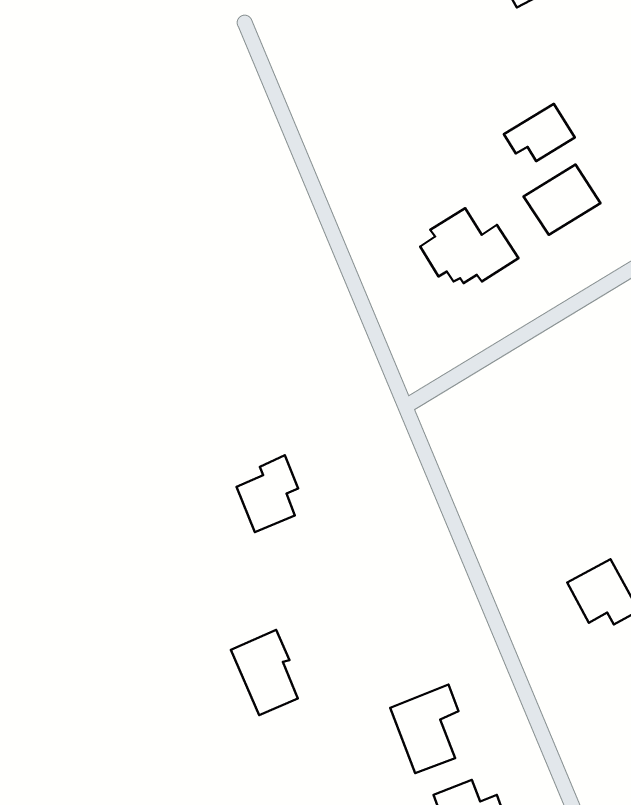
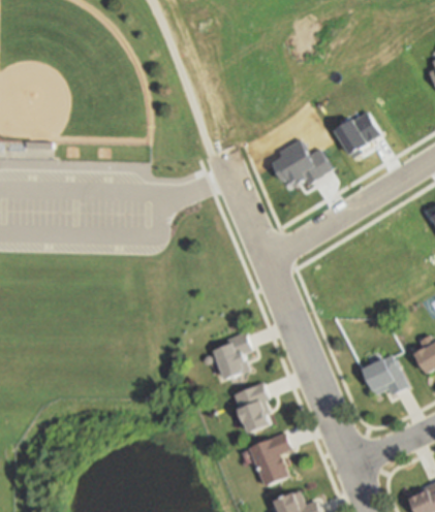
building: [504,104,575,161] -> none
building: [236,455,298,532] -> [214,331,252,379]
building: [231,630,298,715] -> [235,382,276,435]

